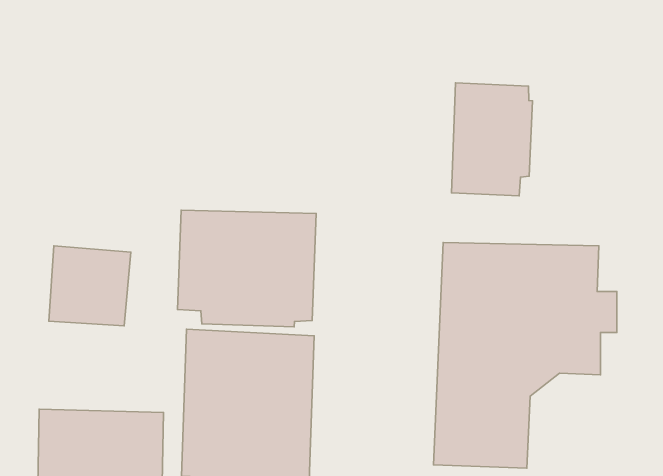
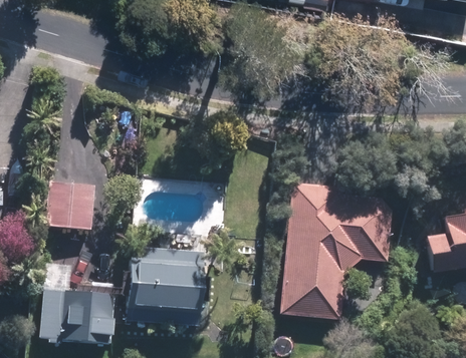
building: [451,83,533,196] -> none
building: [178,210,316,327] -> none

